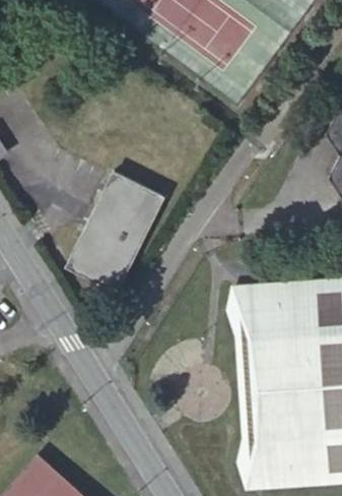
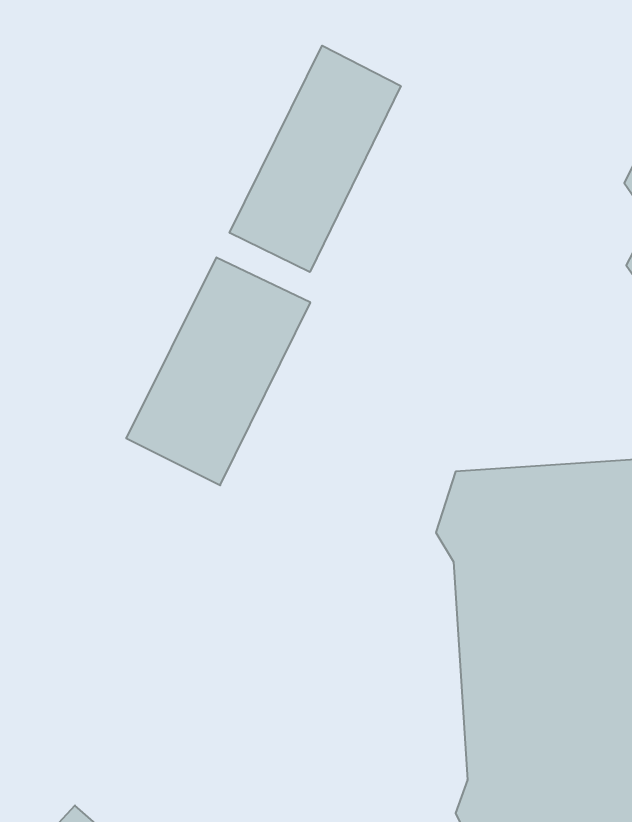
building: none -> [230,46,401,272]

